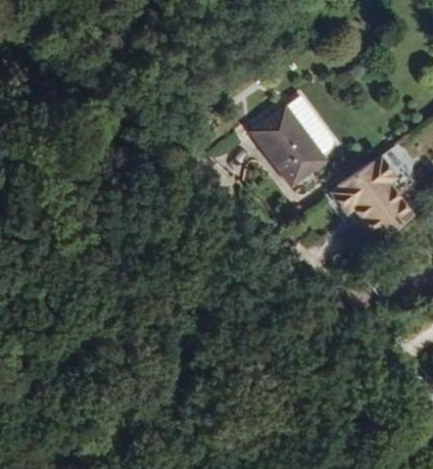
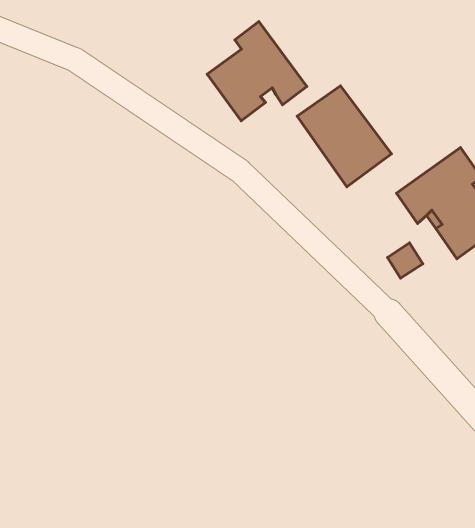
building: none -> [207,21,307,121]

